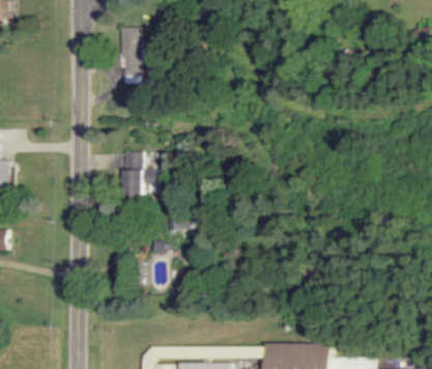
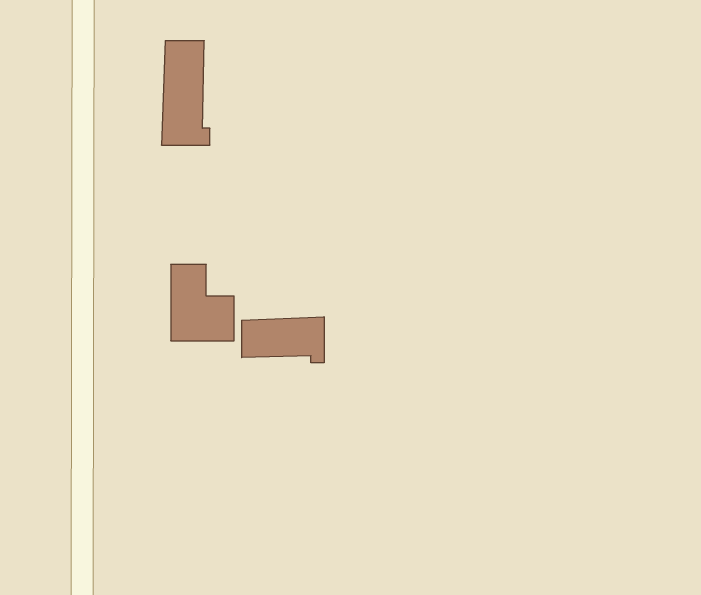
building: none -> [242,317,324,363]

